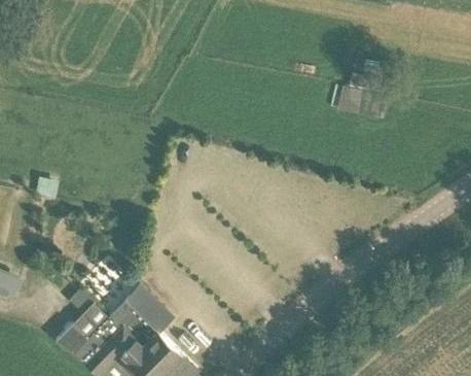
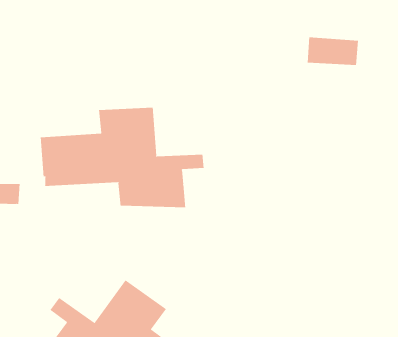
building: none -> [40,107,204,208]

